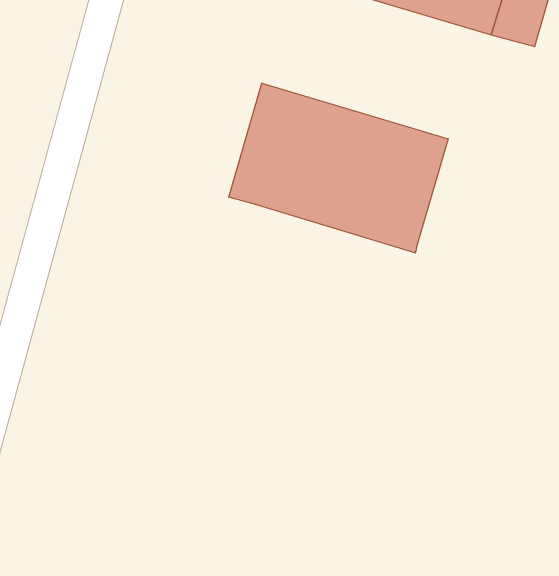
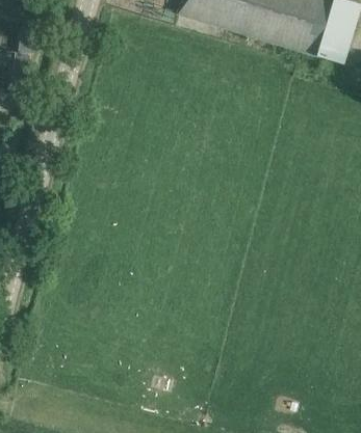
building: [229,83,448,253] -> none

